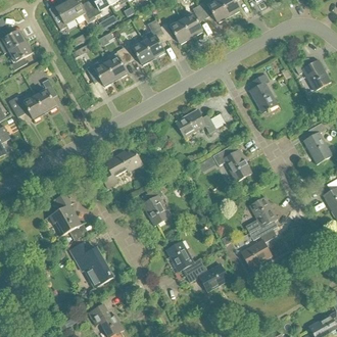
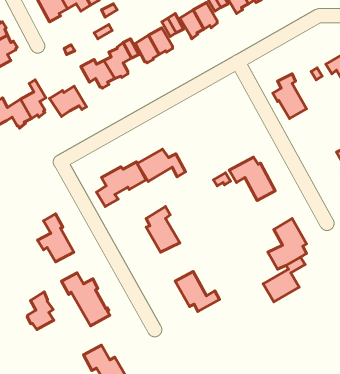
building: none -> [49,86,87,116]
building: [176,109,216,137] -> [137,149,186,182]
building: none -> [27,292,54,329]
building: [186,263,229,291] -> none

